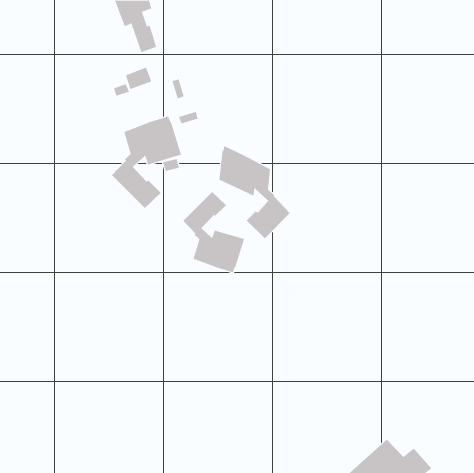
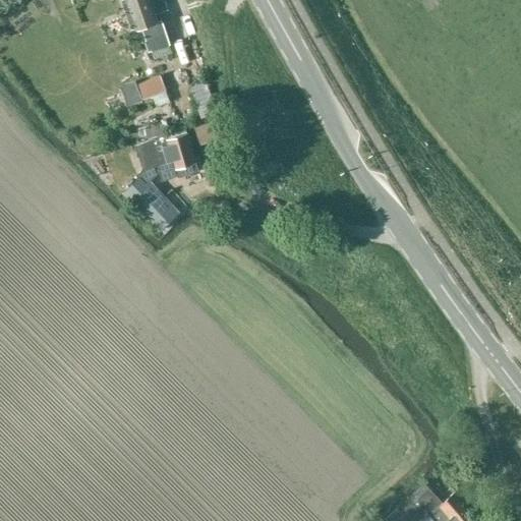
building: [219,145,291,239] -> none
building: [182,191,245,273] -> none

